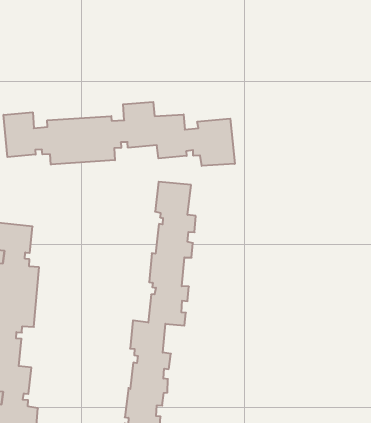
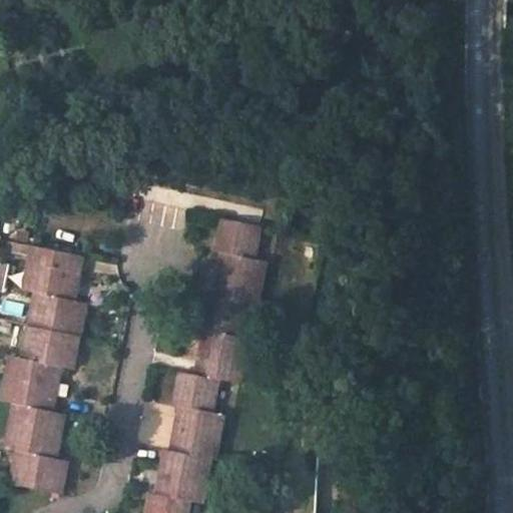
building: [4,102,235,166] -> none

